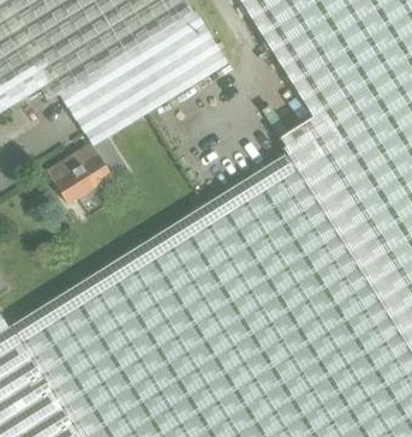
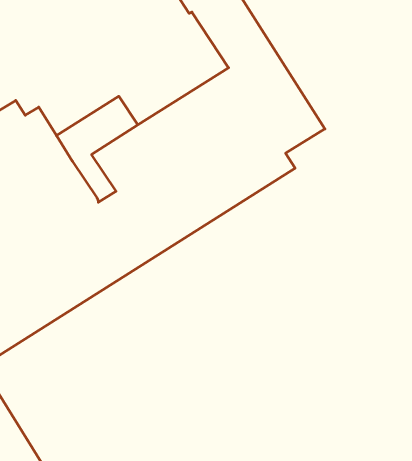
building: [47,146,113,206] -> none

